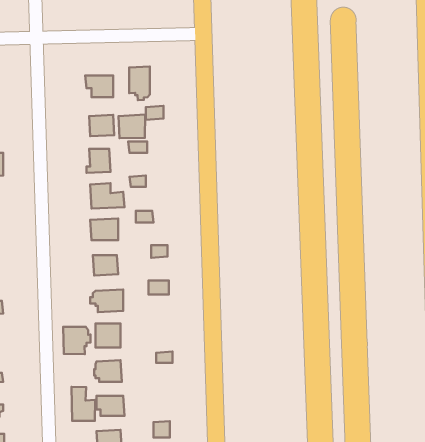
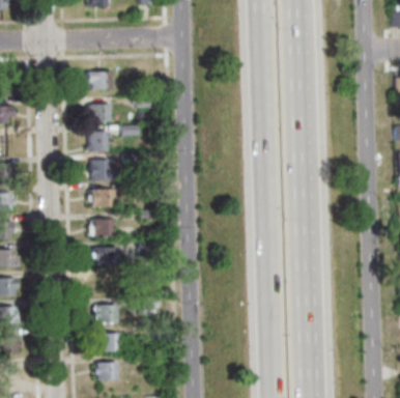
building: [129,67,150,100] -> none
building: [118,115,145,138] -> none
building: [63,327,91,354] -> none
building: [72,387,95,421] -> none

